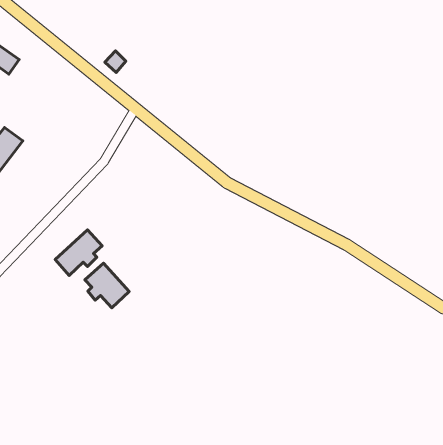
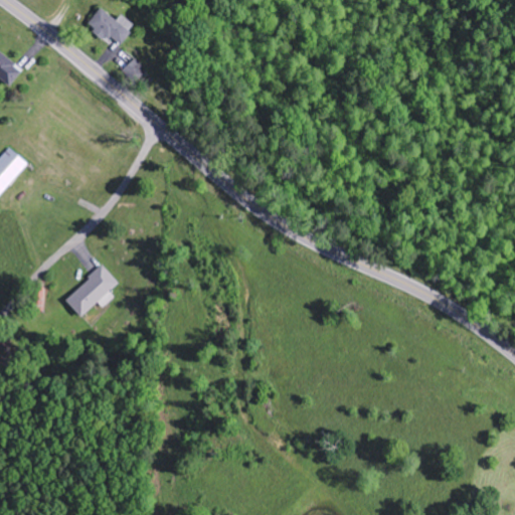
building: none -> [87,8,135,45]
building: [85,263,129,308] -> none

